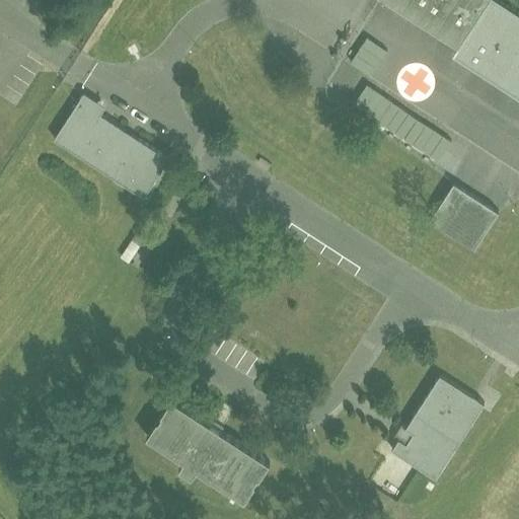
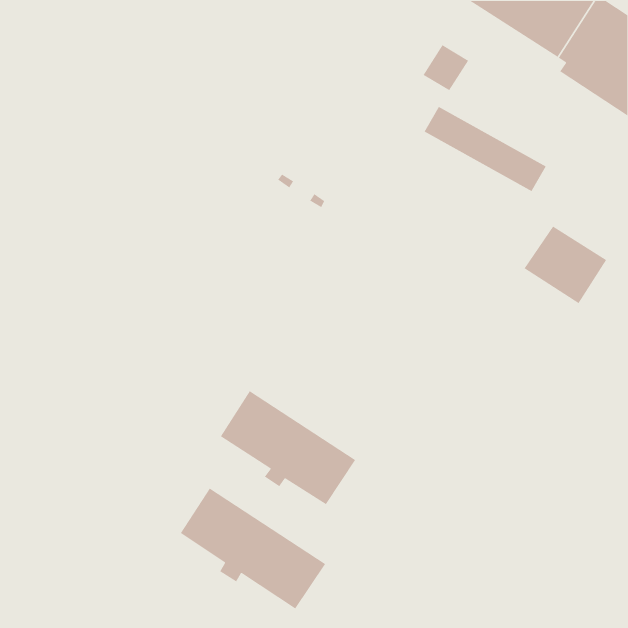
building: [51,99,168,203] -> none
building: none -> [220,390,356,505]
building: [392,379,483,480] -> none

